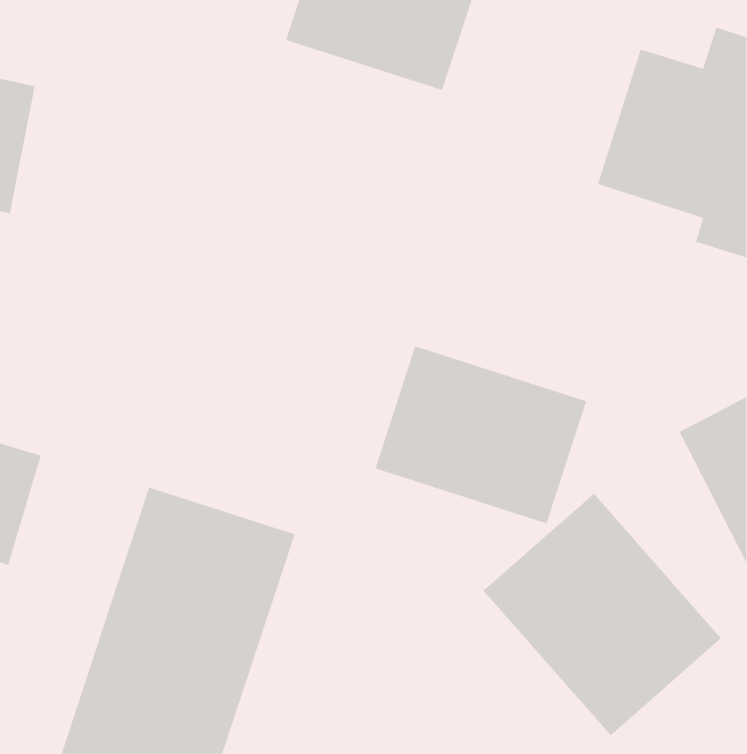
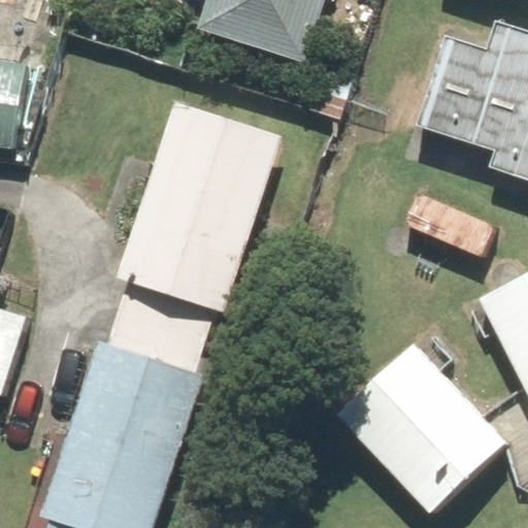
building: none -> [123,94,288,314]
building: [375,346,587,524] -> none

